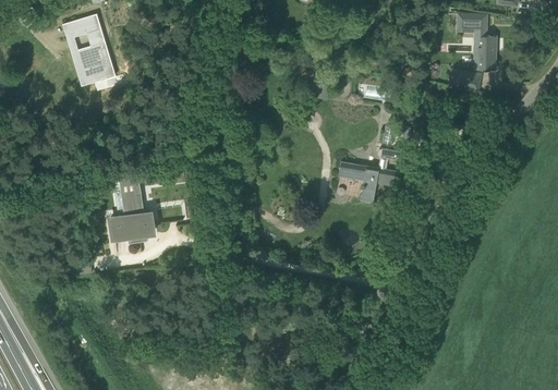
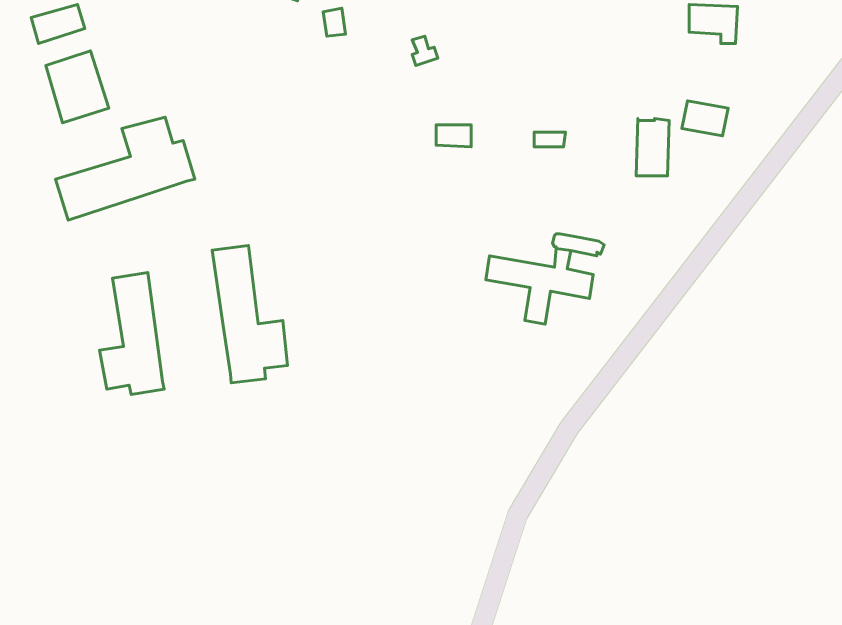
building: [475,36,495,70] -> [636,119,669,176]
building: none -> [56,117,195,220]
building: none -> [212,245,287,383]

